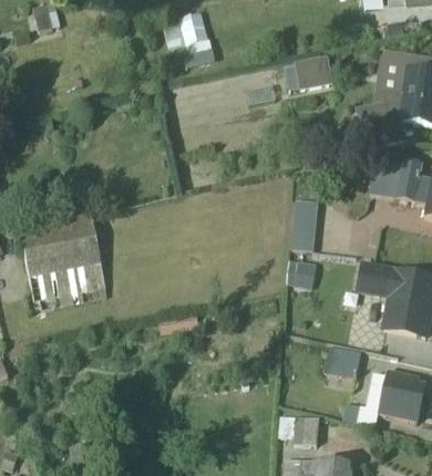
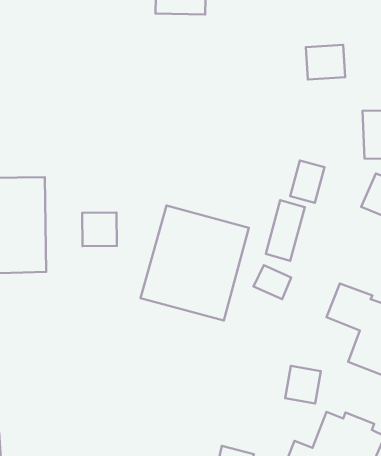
building: none -> [290,161,324,203]
building: none -> [140,205,249,321]
building: none -> [82,212,117,246]

